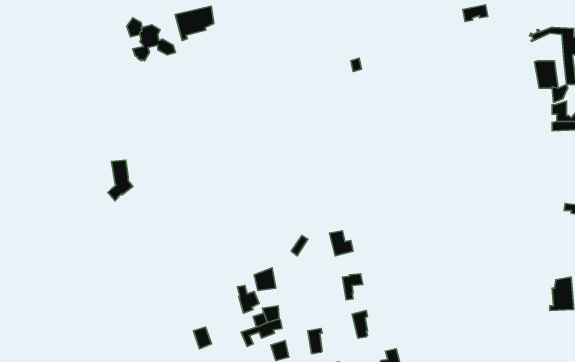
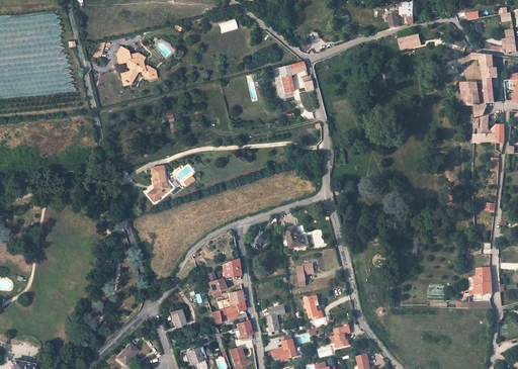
building: [175,6,214,41] -> none
building: none -> [278,61,306,93]
building: [108,160,133,201] -> [148,167,169,201]

